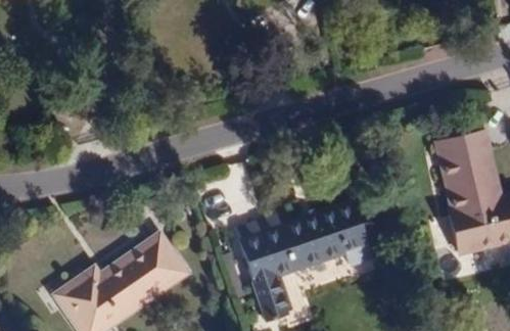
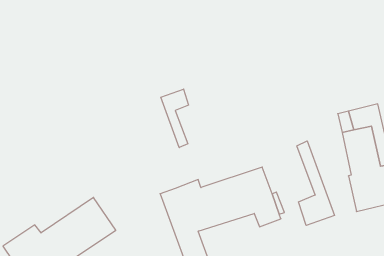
building: none -> [161,89,189,148]
building: none -> [297,141,334,225]

